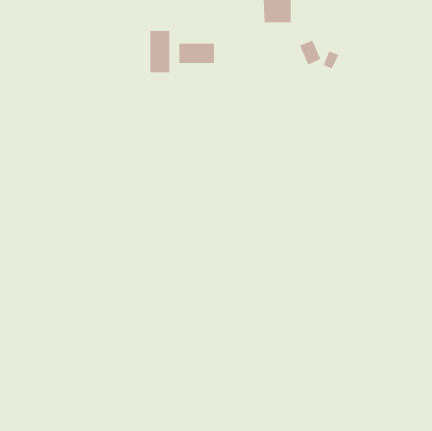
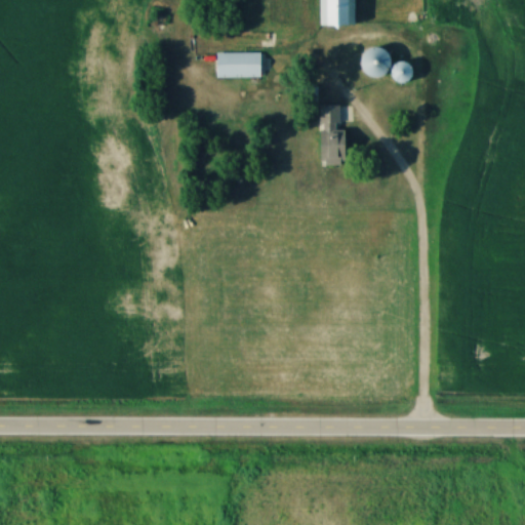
building: [150,30,170,73] -> none
building: none -> [320,106,346,165]

